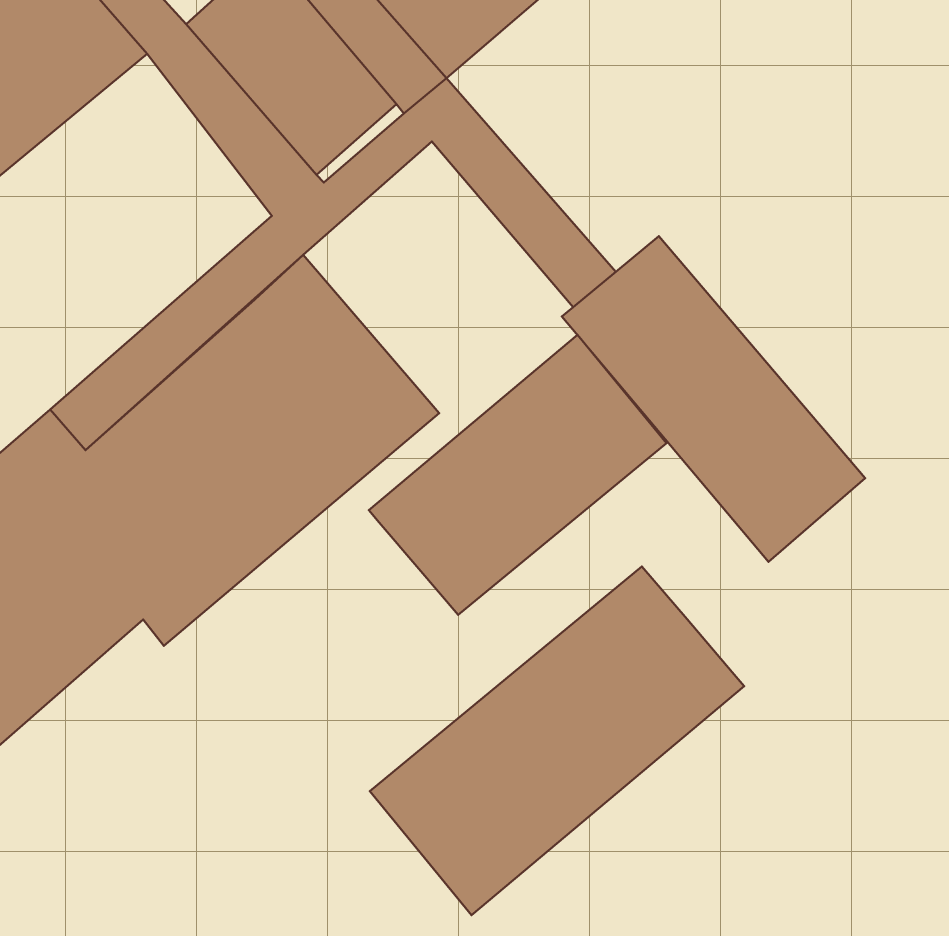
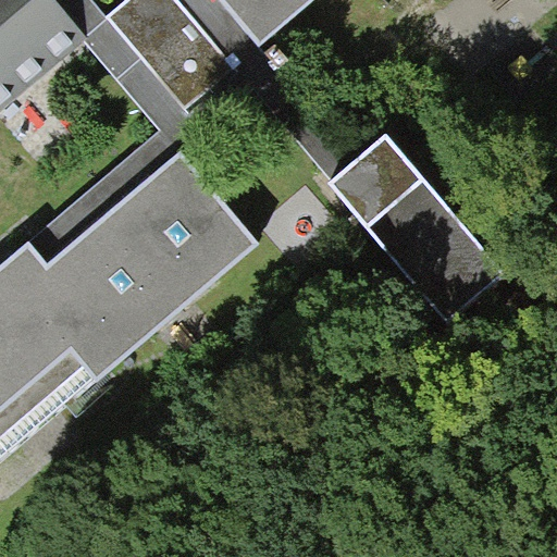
building: [369,335,667,615] -> none
building: [370,566,744,915] -> none

